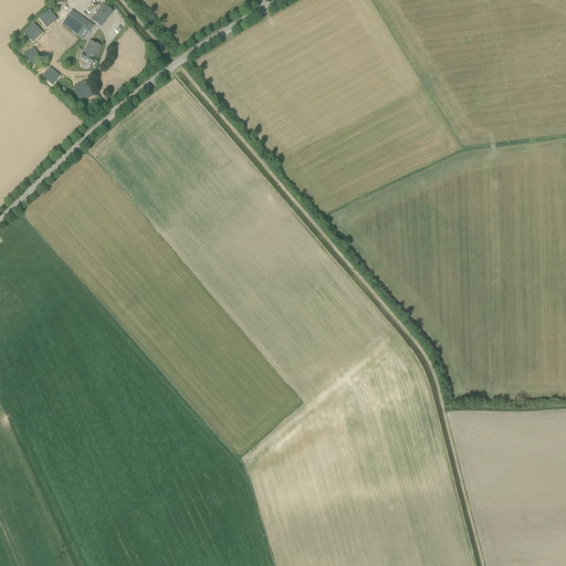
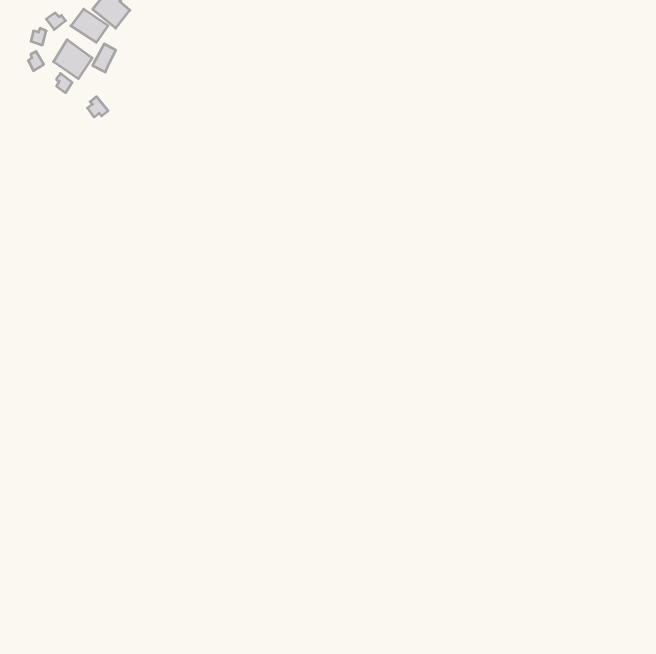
building: none -> [53,40,92,79]

